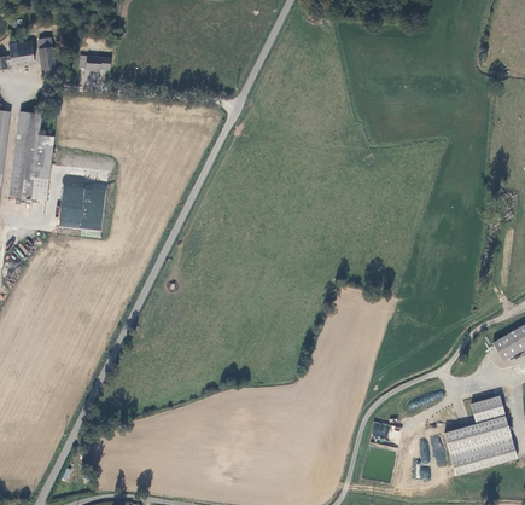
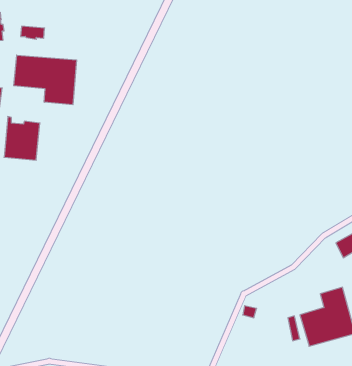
building: none -> [14,55,76,105]

